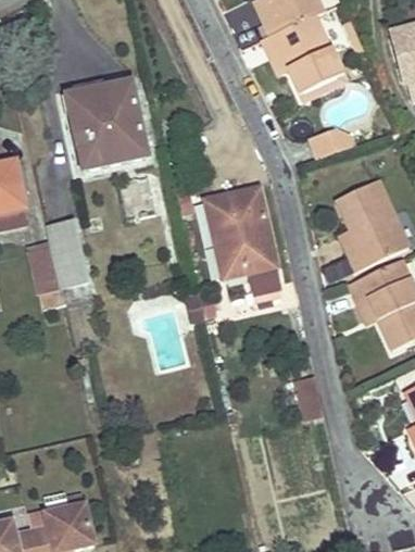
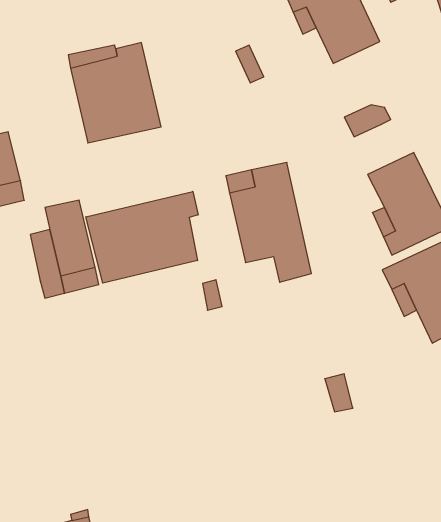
building: none -> [86,191,198,283]

